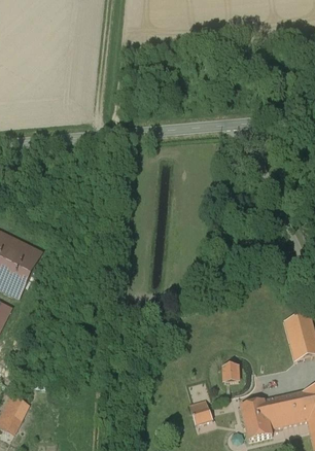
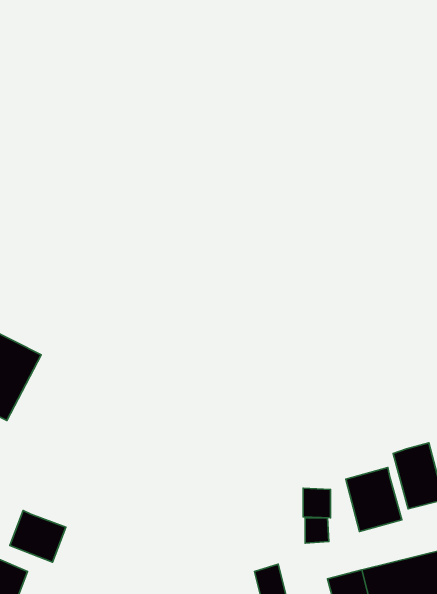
building: none -> [346,467,402,531]
building: none -> [303,488,331,518]
building: none -> [10,510,66,562]

